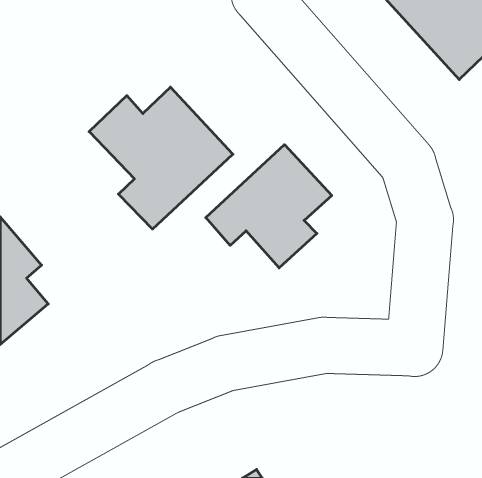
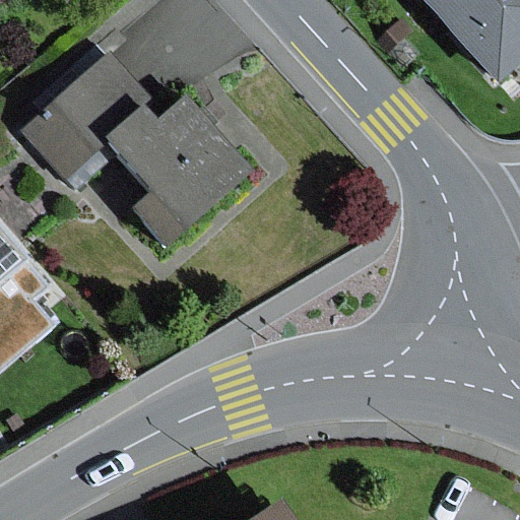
building: none -> [21,49,148,173]
building: [206,145,332,268] -> none

